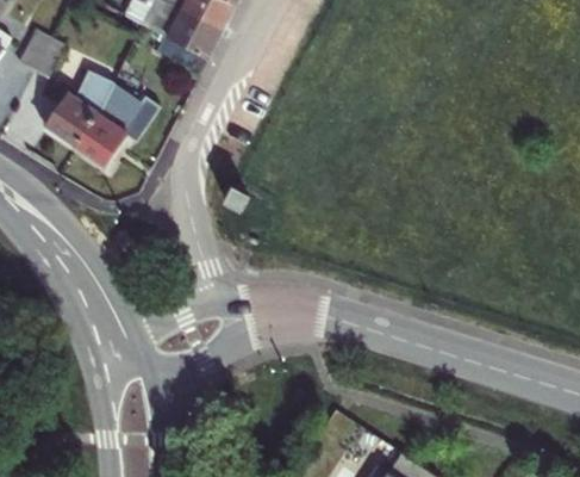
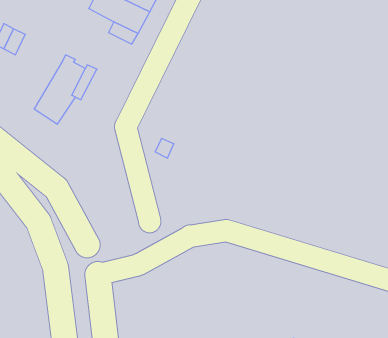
building: [32,73,102,149] -> none

